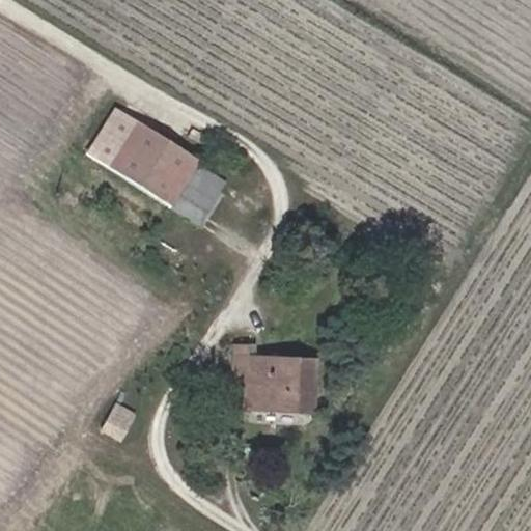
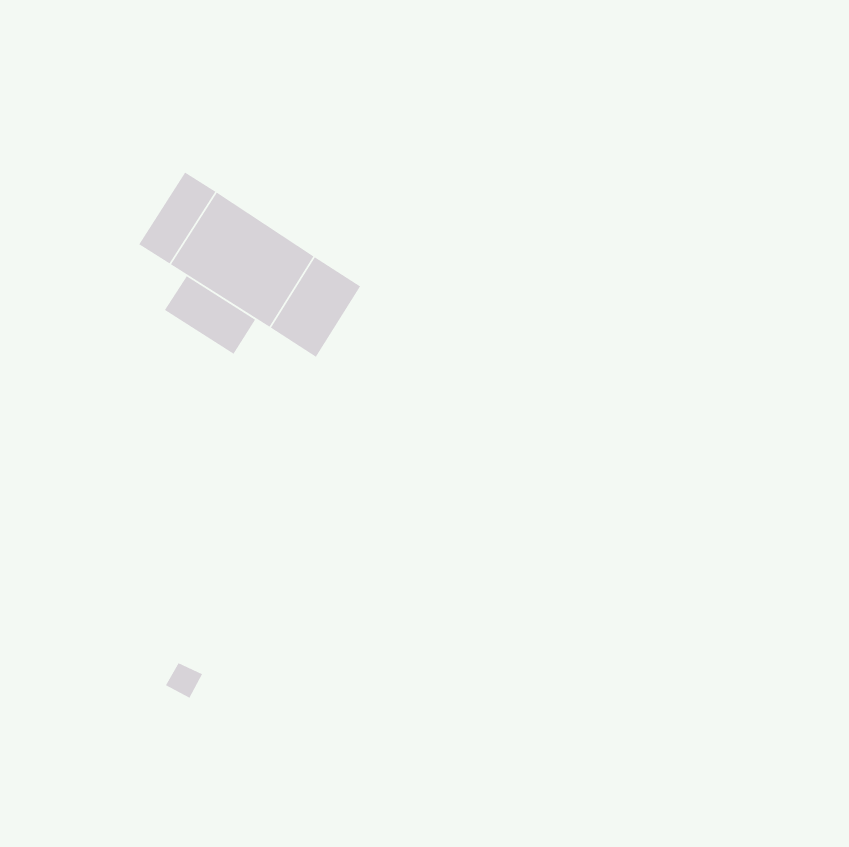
building: none -> [164,275,256,355]
building: [234,344,314,409] -> none

